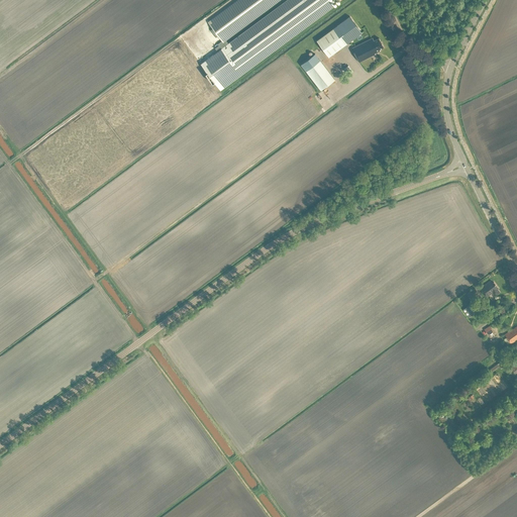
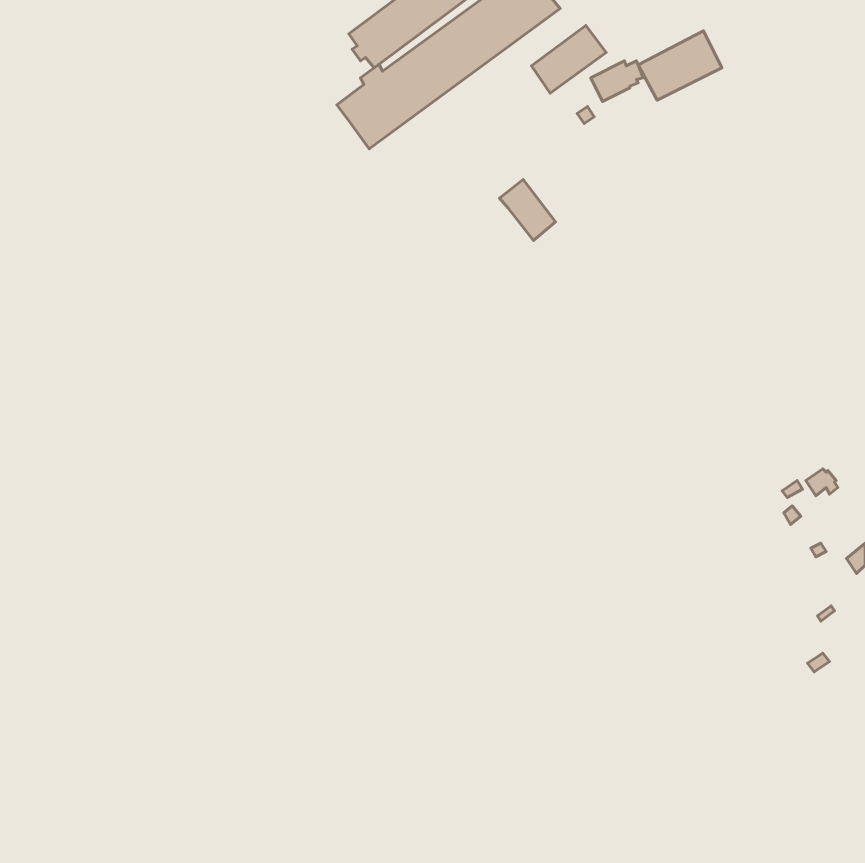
building: none -> [638,31,722,100]
building: [301,53,334,89] -> [500,179,555,240]

